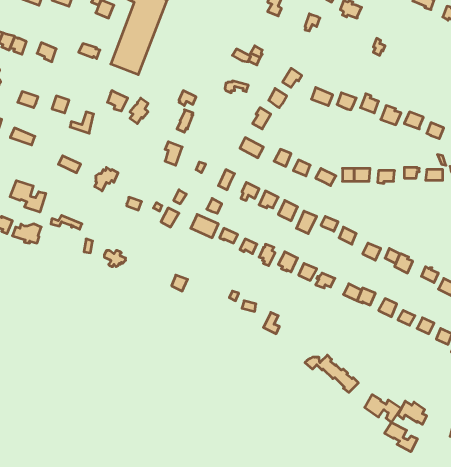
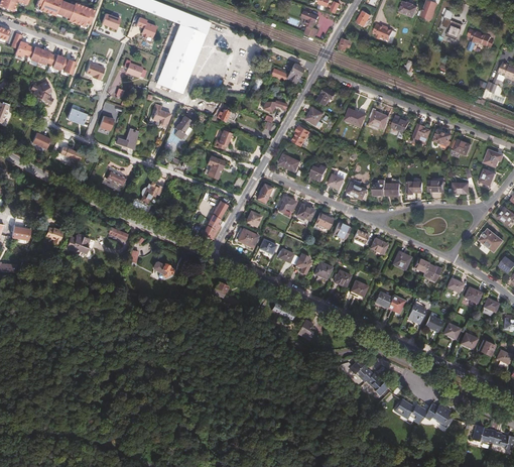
building: [10,181,46,212] -> none
building: [385,422,417,452] -> none

